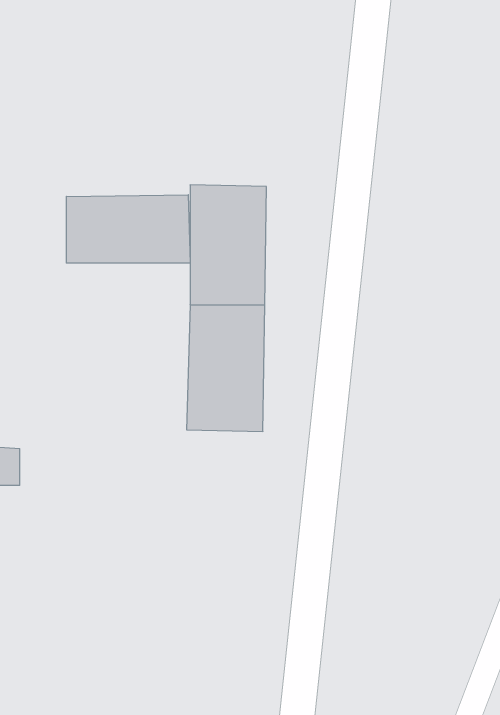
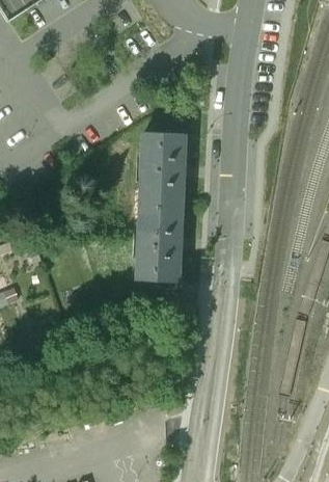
building: [66,195,190,263] -> none

